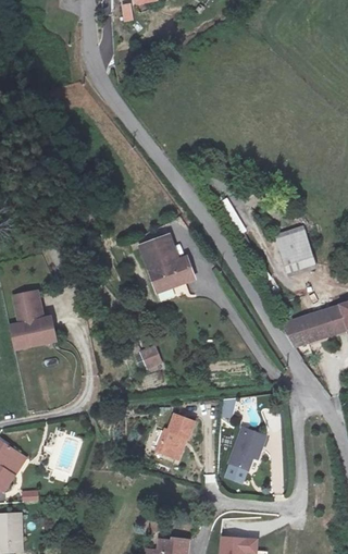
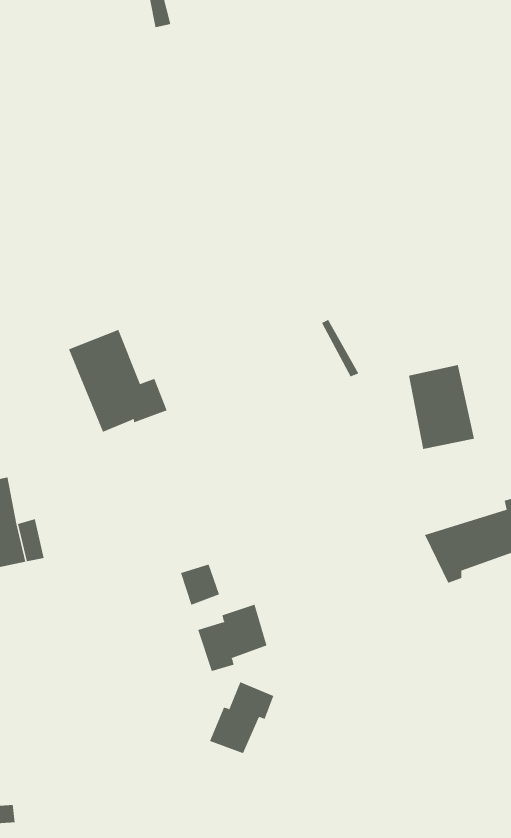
building: [138,234,198,296] -> [68,329,168,432]
building: none -> [198,604,267,672]
building: [227,428,265,470] -> none

